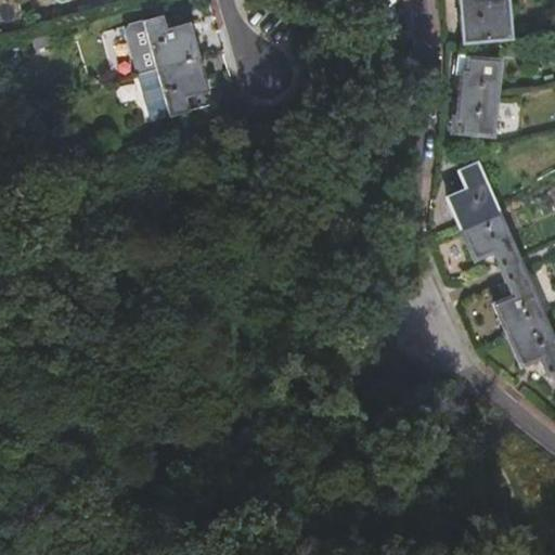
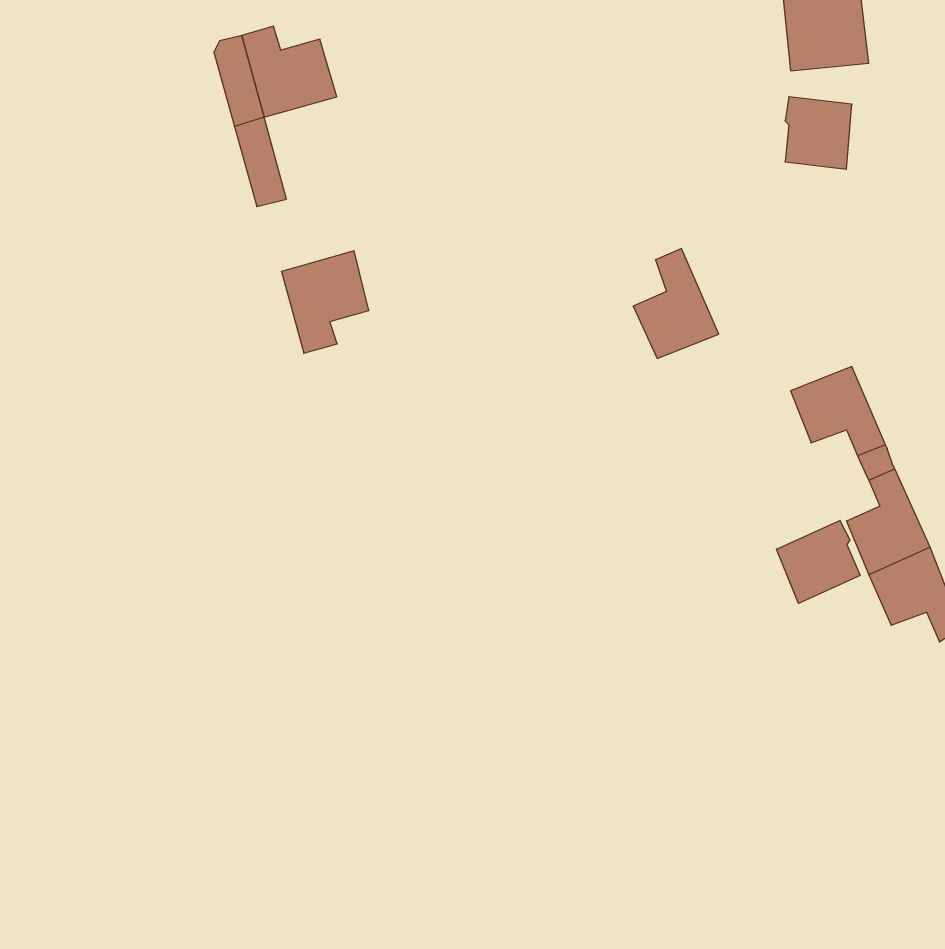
building: [157,56,208,116] -> [281,251,369,353]
building: [454,94,496,135] -> none
building: [450,164,500,228] -> [633,249,719,358]
building: none -> [776,520,860,603]

